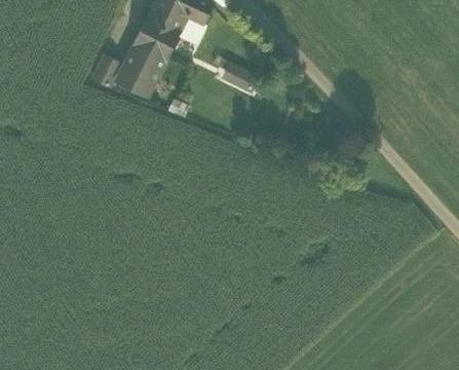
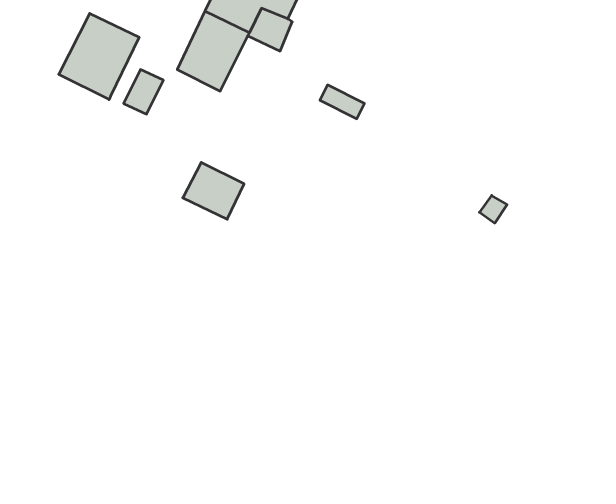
building: none -> [59,13,139,100]
building: [116,57,157,95] -> [183,162,244,219]

